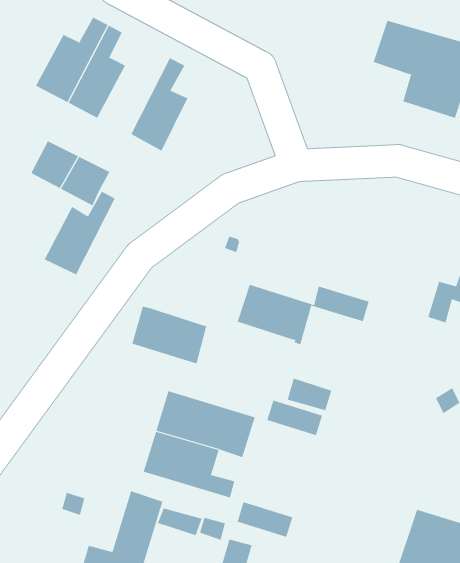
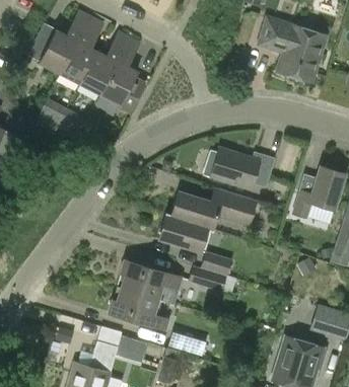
building: [44,191,116,275] -> [79,40,126,94]
building: none -> [210,147,275,190]
building: [131,306,208,364] -> [157,215,207,252]

